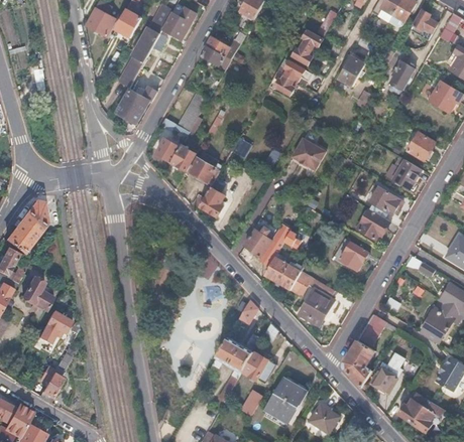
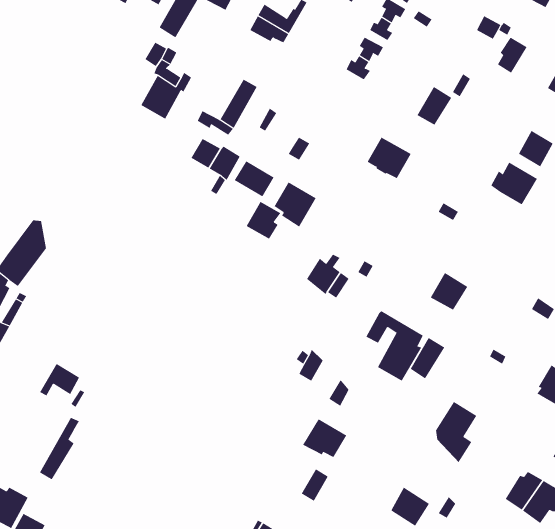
building: [339,55,366,86] -> [416,86,452,126]
building: none -> [274,181,316,228]
building: [370,185,403,214] -> none
building: [356,207,391,240] -> none
building: [264,256,301,290] -> none
building: [23,277,52,310] -> none
building: [359,313,386,345] -> [410,337,445,379]
building: [216,336,254,400] -> none
building: [371,352,404,393] -> none
building: [264,377,308,424] -> none

